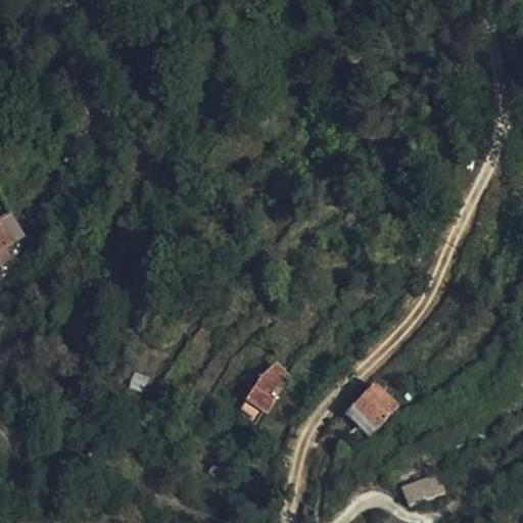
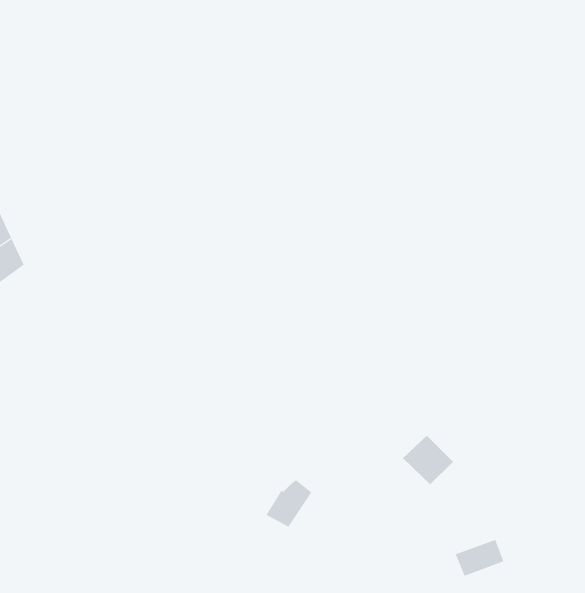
building: [244,370,285,412] -> [265,480,312,528]

